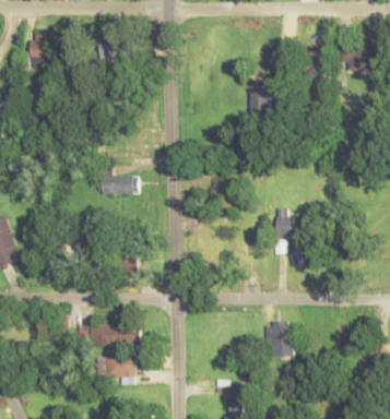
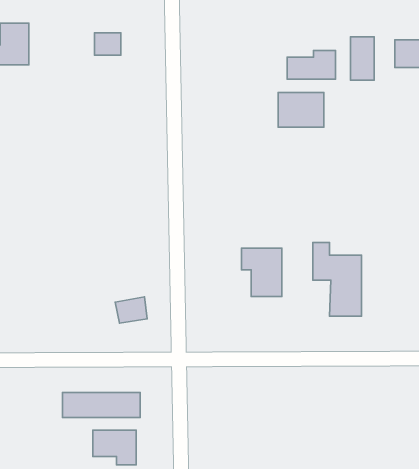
building: none -> [287,50,335,79]
building: [99,177,139,193] -> none
building: none -> [242,248,282,296]
building: [263,321,292,356] -> none

